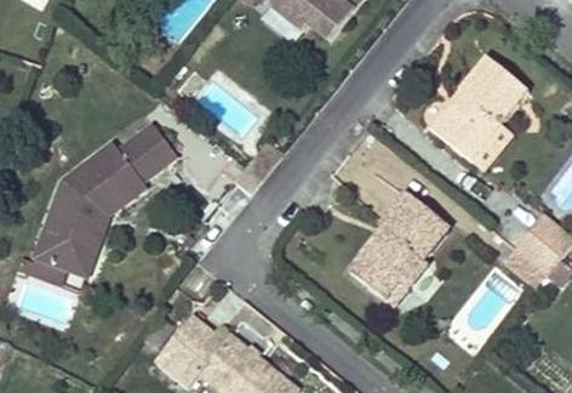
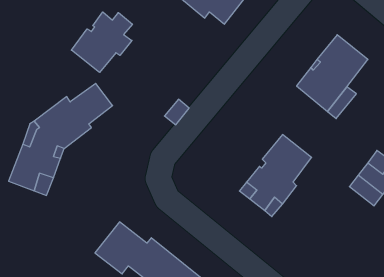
building: none -> [71,12,132,72]

